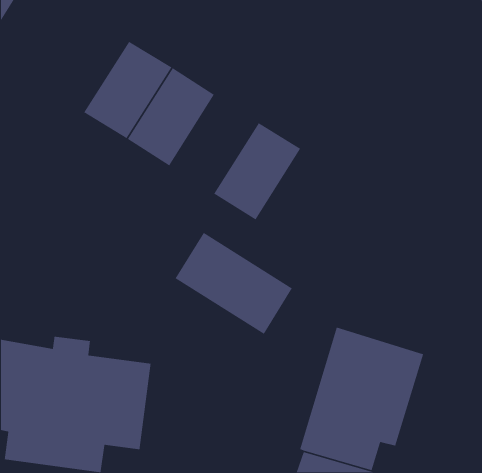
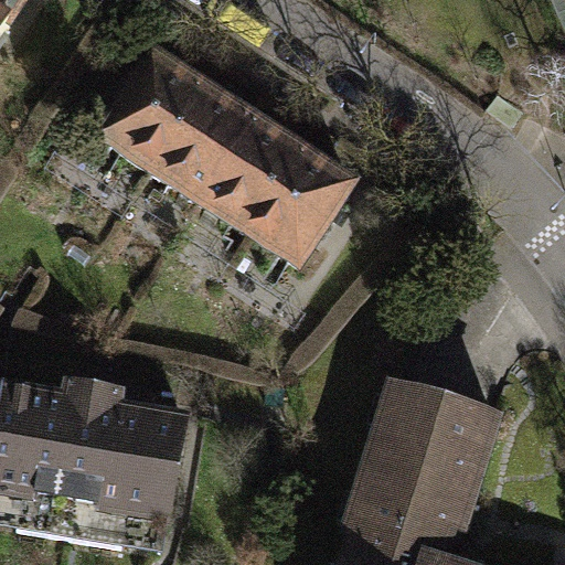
building: none -> [200,110,303,226]
building: [175,232,293,335] -> none

